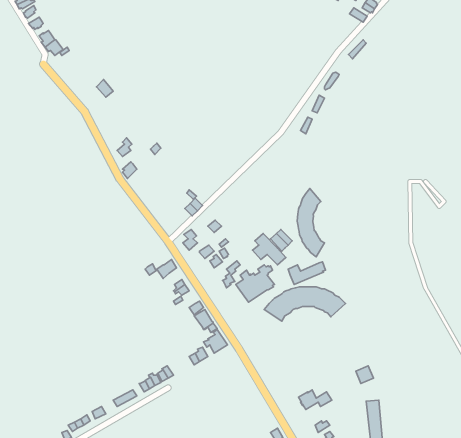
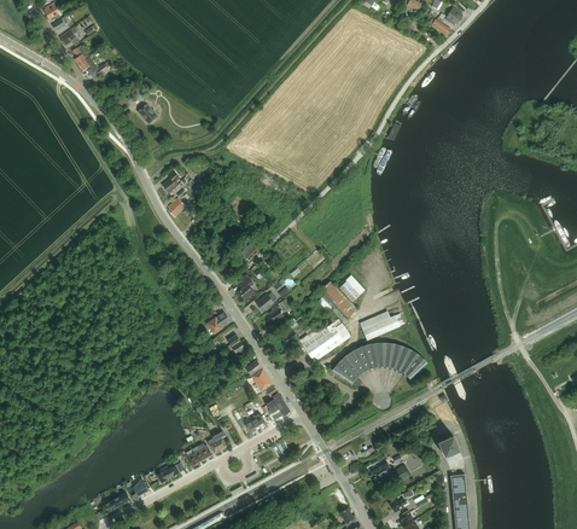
building: [297,188,324,257] -> none

